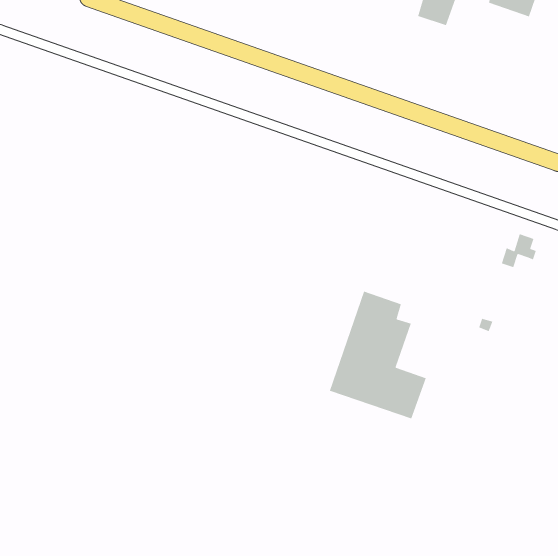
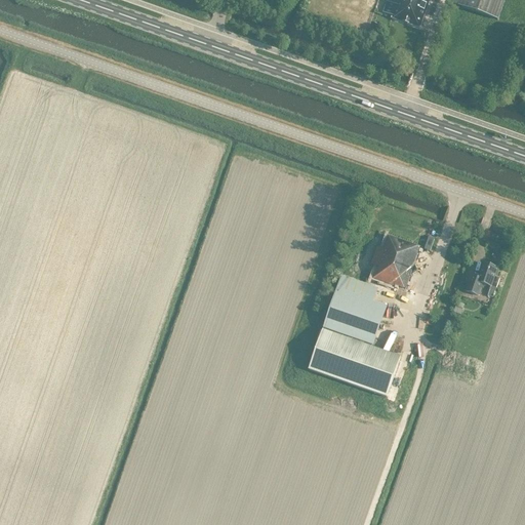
building: [501,233,537,268] -> [466,260,499,293]
building: none -> [372,233,418,286]

